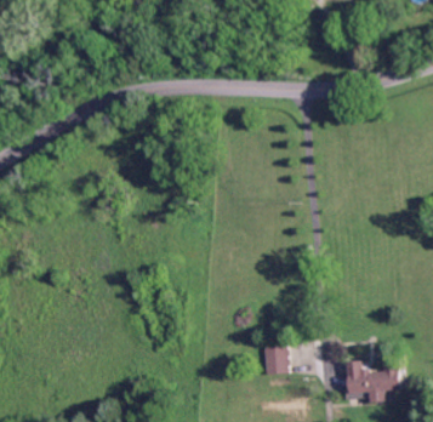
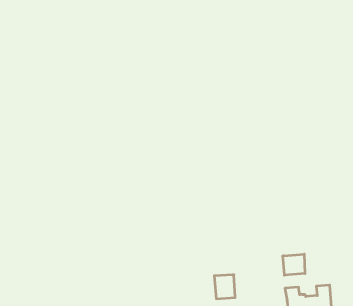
building: none -> [283,254,305,275]

